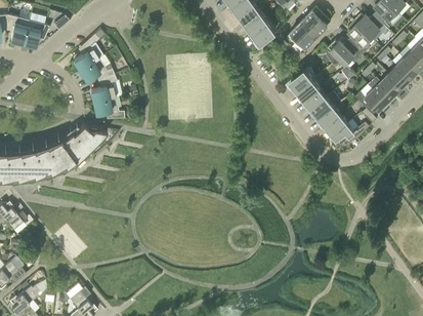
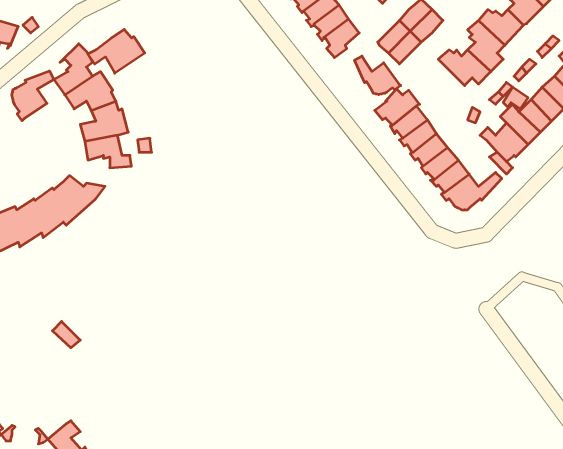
building: none -> [88,29,145,73]
building: none -> [355,56,401,95]
building: none -> [12,71,54,121]

